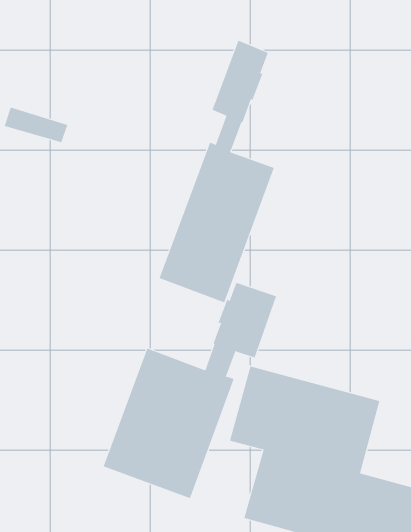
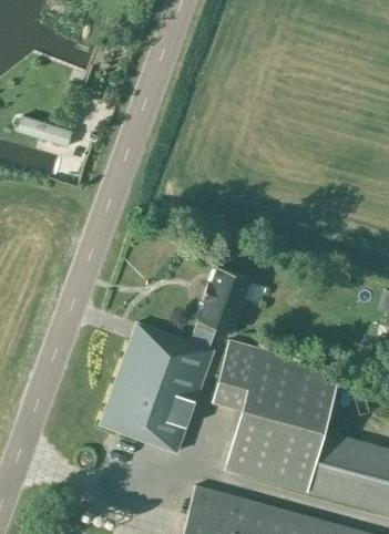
building: [159,40,275,303] -> none

